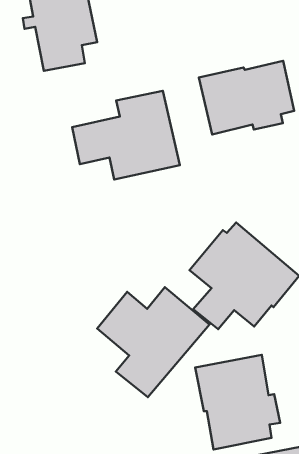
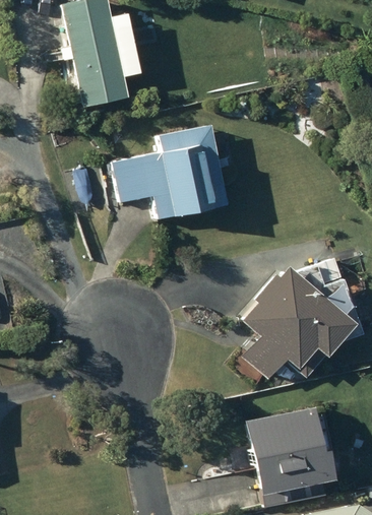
building: [199,61,294,134] -> none
building: [97,287,209,397] -> none

